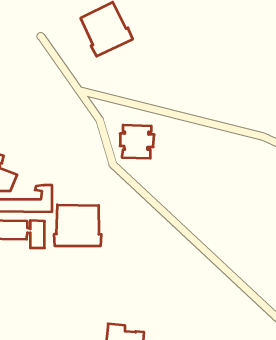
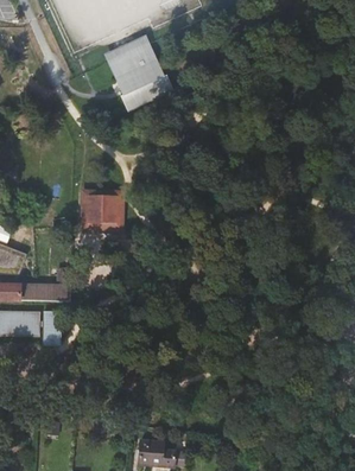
building: [120,125,154,158] -> [81,190,123,231]
building: [54,205,101,246] -> none

